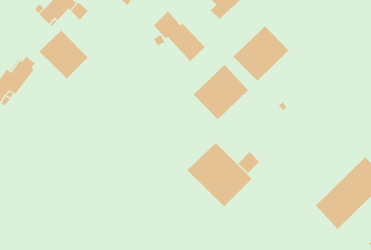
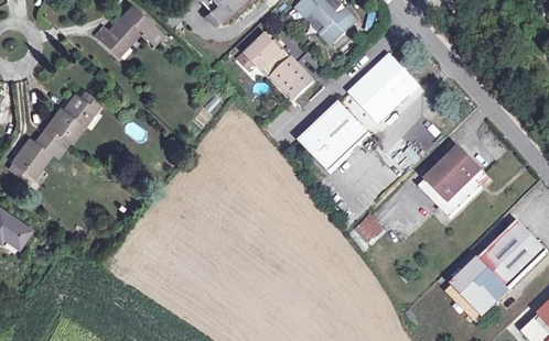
building: [39,30,89,79] -> none
building: none -> [419,146,485,216]
building: [187,142,252,207] -> none

